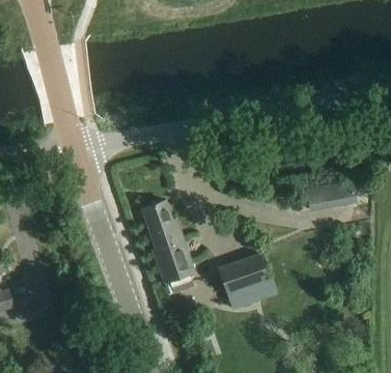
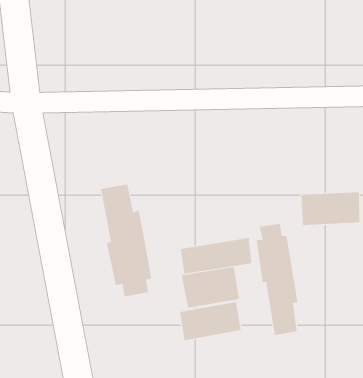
building: none -> [256,223,298,336]
building: none -> [180,237,252,274]

